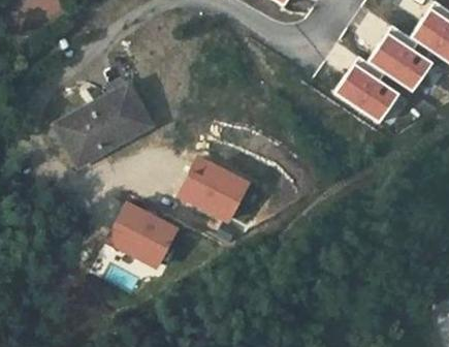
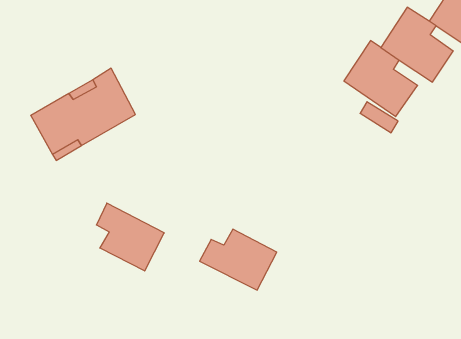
building: [174,164,244,219] -> [200,229,277,290]

